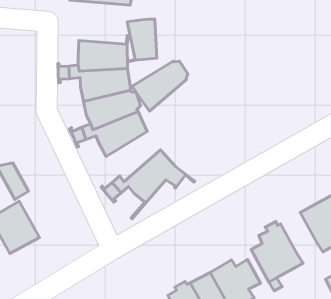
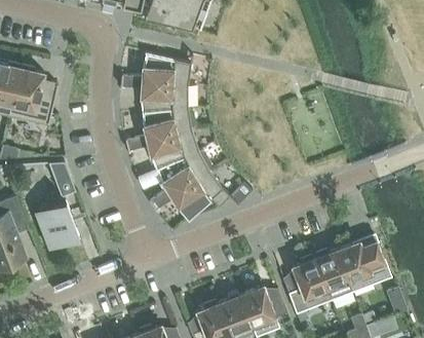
building: [127,19,157,62] -> none
building: [132,61,188,111] -> [155,150,210,195]
building: none -> [314,249,347,290]

